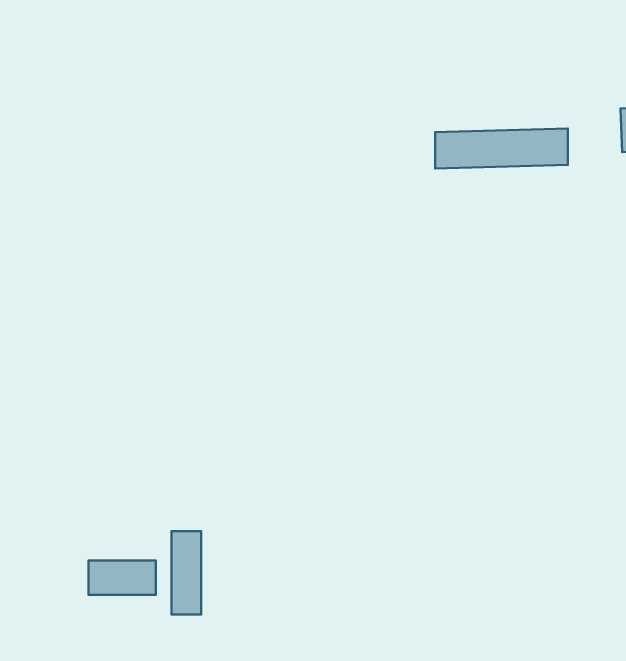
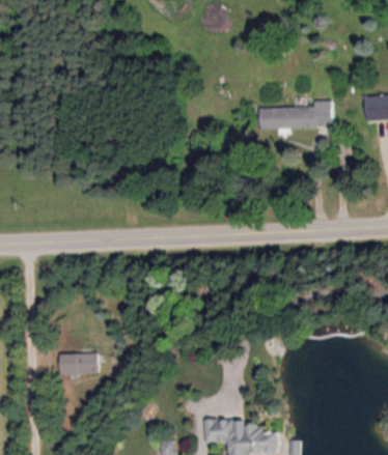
building: [171,531,201,614] -> none

